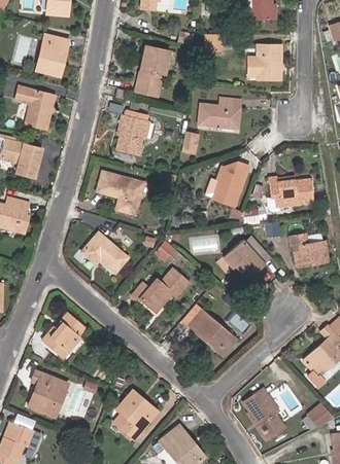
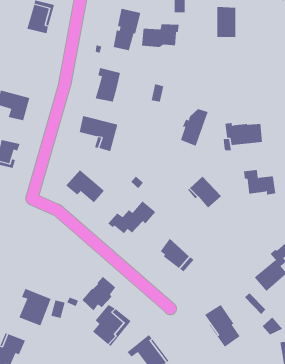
building: [16,85,55,128] -> none
building: [196,98,240,126] -> [141,24,179,48]
building: [42,313,82,354] -> [81,276,116,311]

